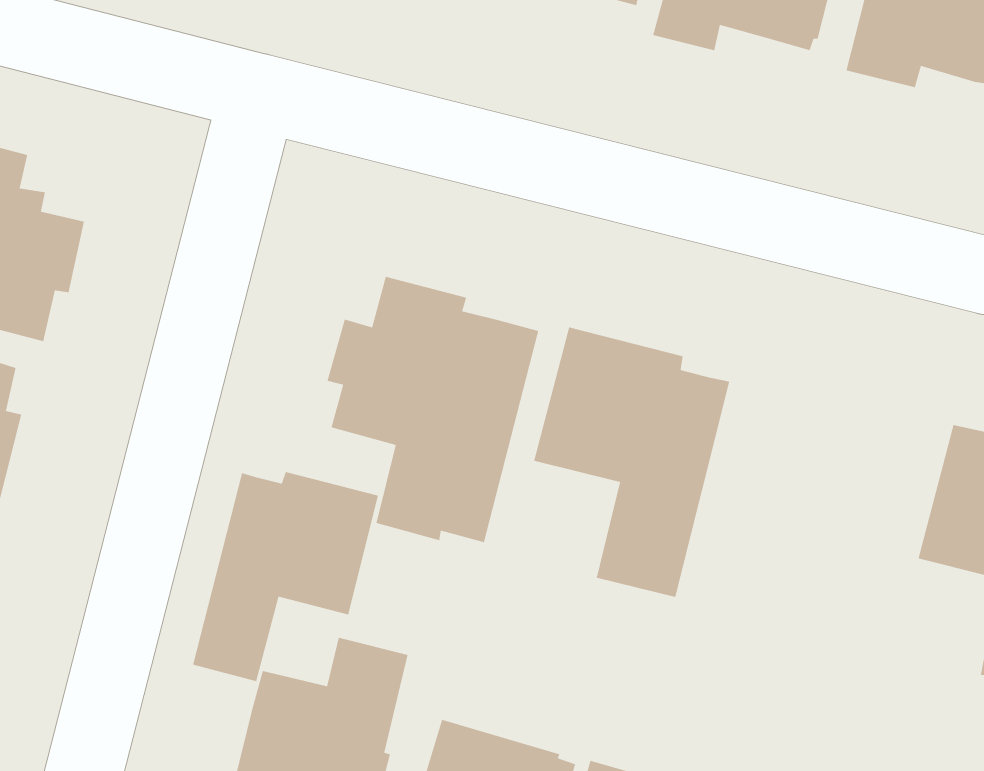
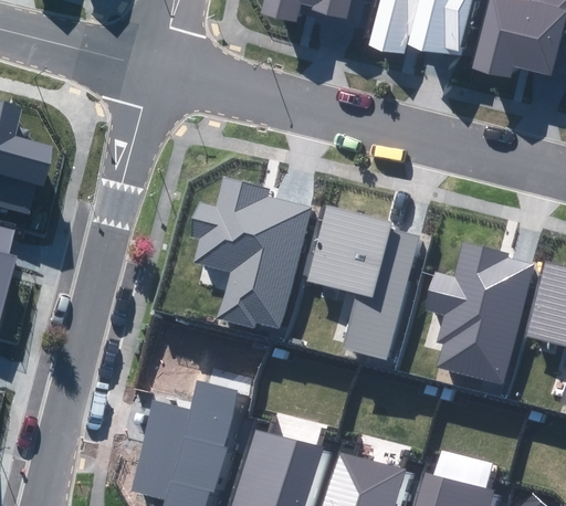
building: none -> [423,242,532,383]
building: [192,471,379,682] -> none

